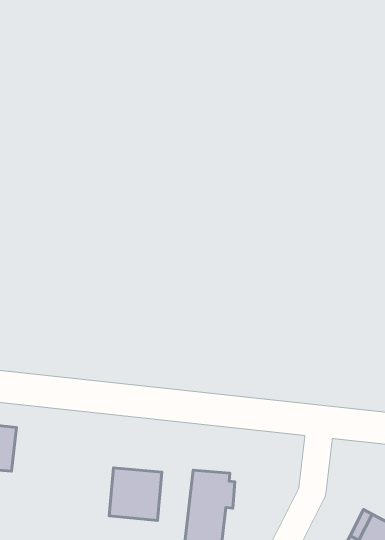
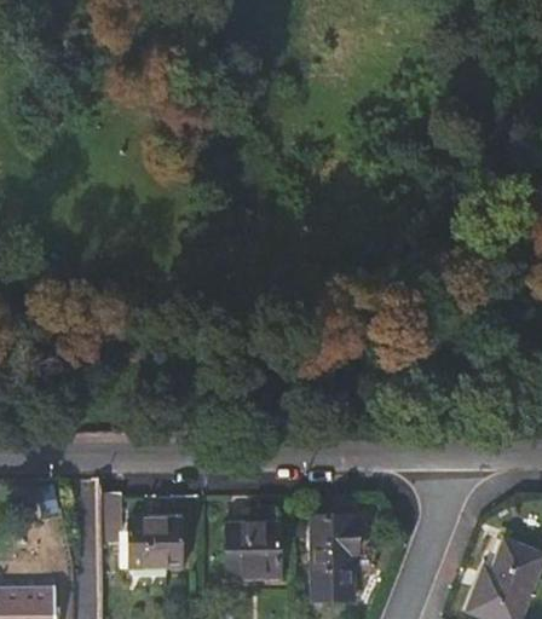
building: none -> [127,521,183,571]

